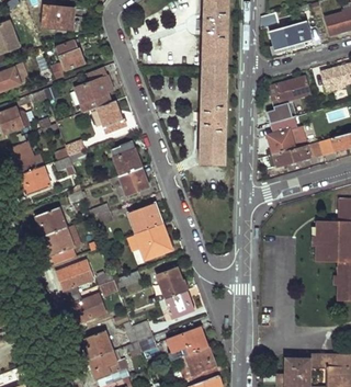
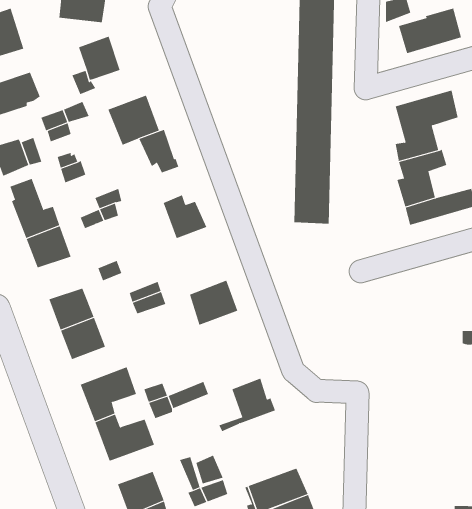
building: [111,167,149,195] -> none
building: [136,223,172,259] -> none
building: [163,289,195,319] -> none

